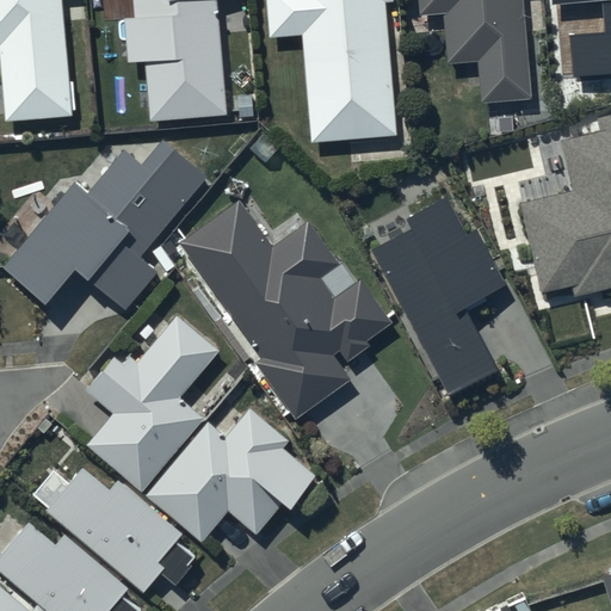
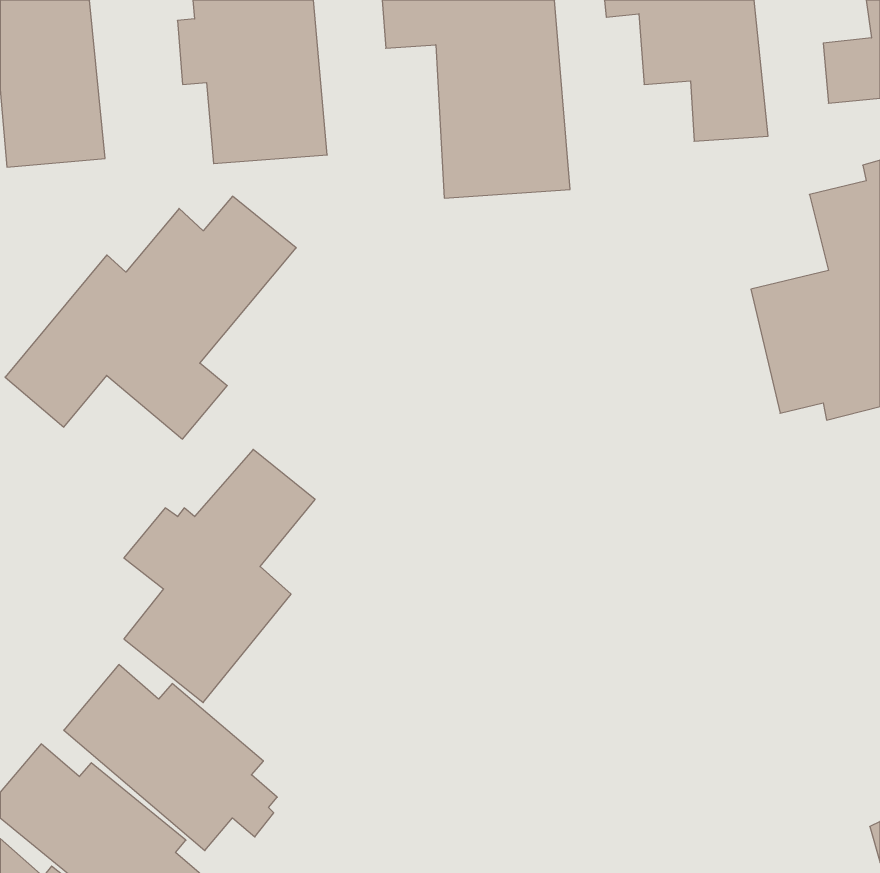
building: [368,193,505,395] -> none
building: [177,198,389,419] -> none
building: [144,411,316,542] -> none

